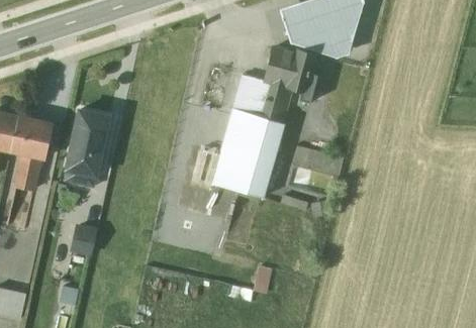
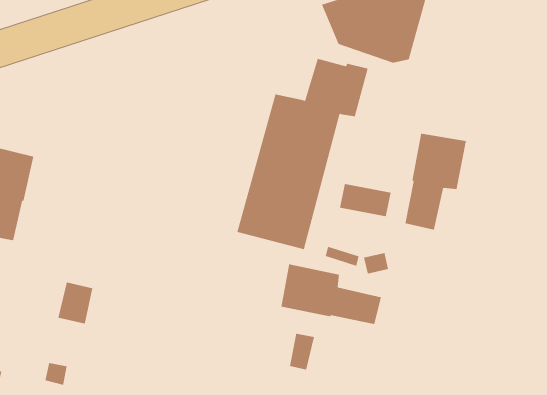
building: none -> [405,133,467,231]
building: [64,111,109,189] -> none
building: none -> [281,264,381,325]

